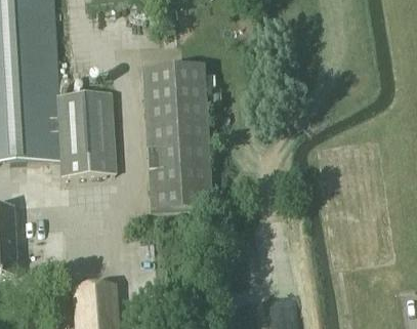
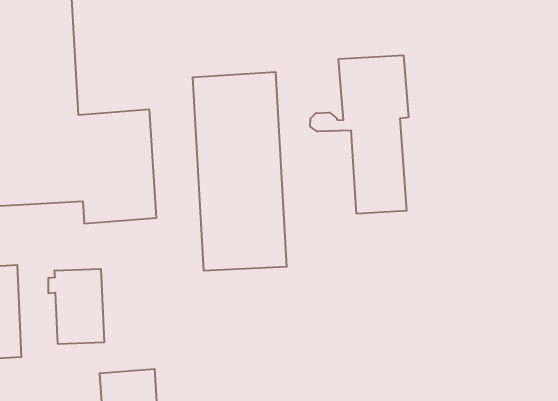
building: none -> [310,55,409,214]
building: none -> [48,269,104,344]

